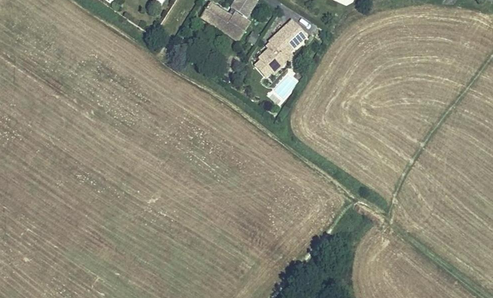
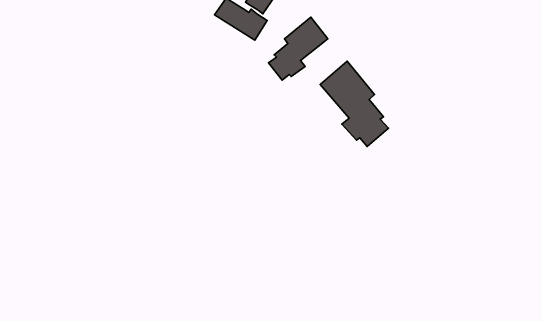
building: none -> [320,61,389,147]

